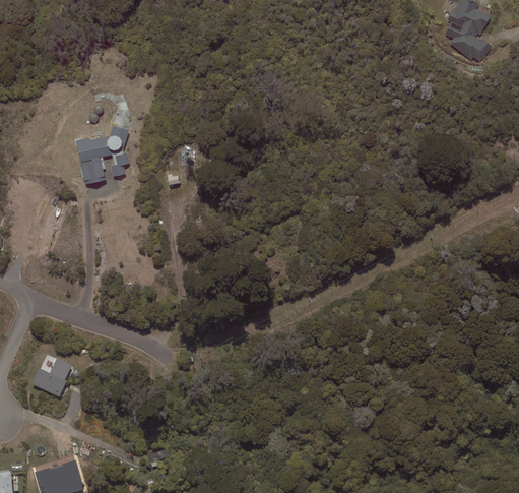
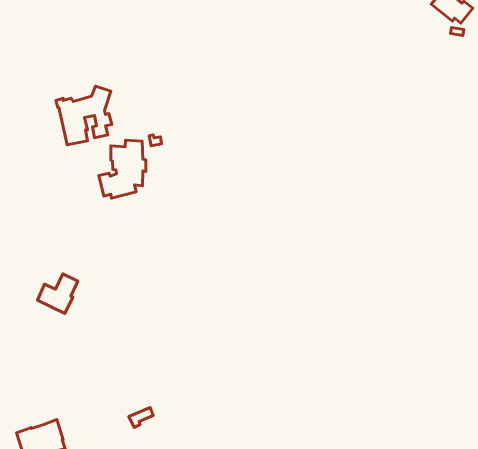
building: none -> [99,140,146,198]
building: [30,358,71,397] -> [37,274,78,313]

